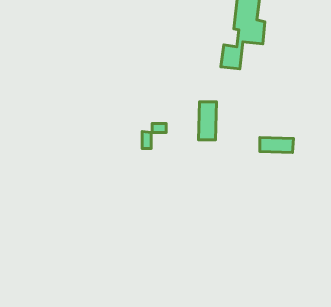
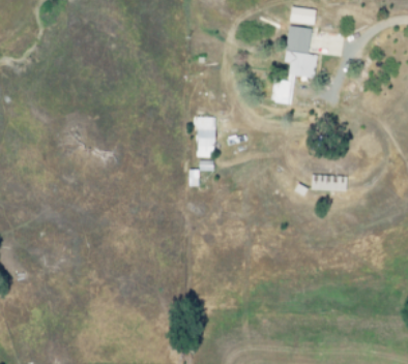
building: [198,102,216,140] -> [197,117,215,156]

